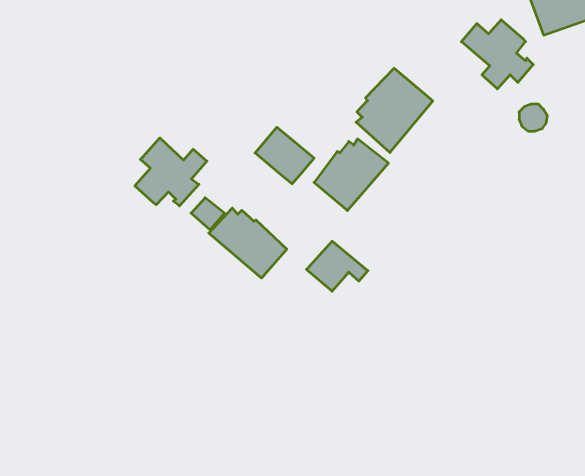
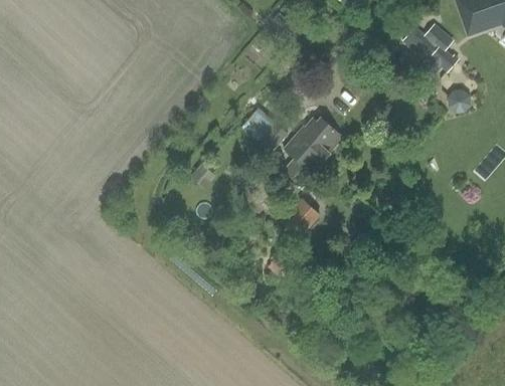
building: [356,68,433,153] -> none
building: [135,138,207,206] -> none
building: [209,208,287,278] -> none

